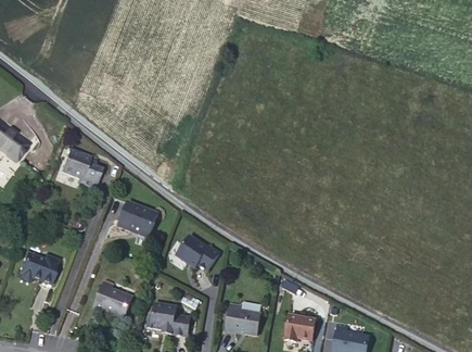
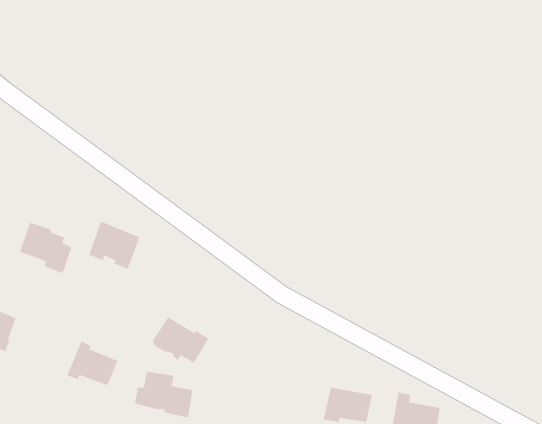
building: [62,152,101,190] -> [19,222,72,274]
building: [177,232,219,267] -> [152,316,209,364]
building: [222,305,257,336] -> none

